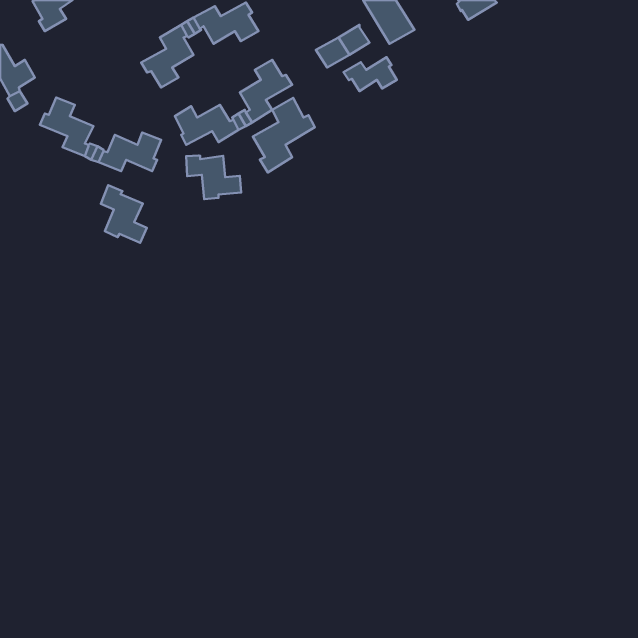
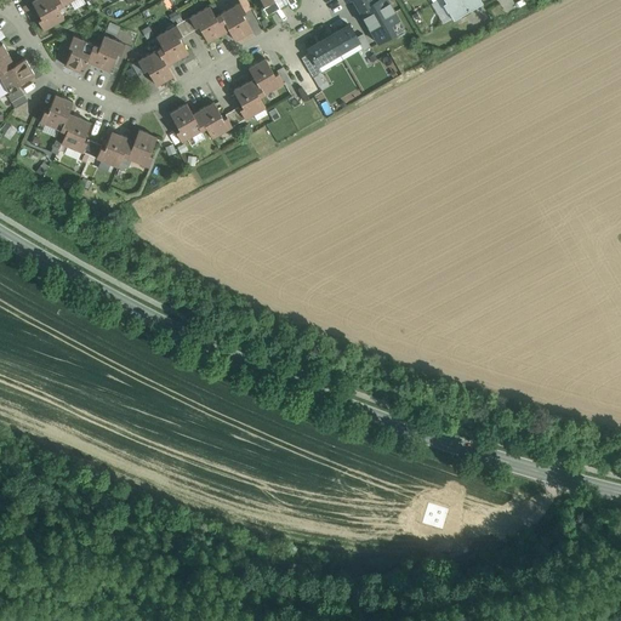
building: none -> [64,35,125,73]
building: [344,57,397,91] -> none
building: [253,98,315,172] -> none
building: [186,156,241,199] -> none
building: [101,185,147,243] -> none

